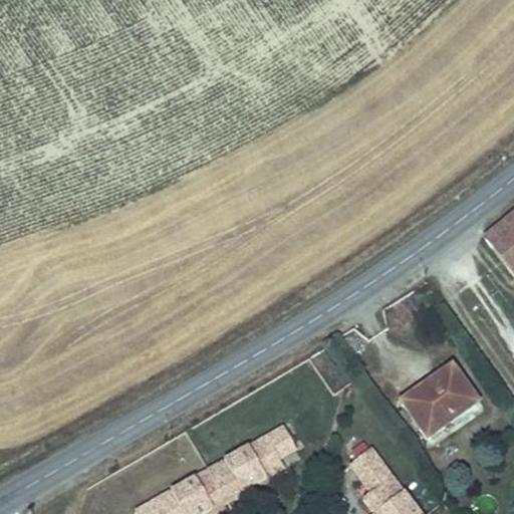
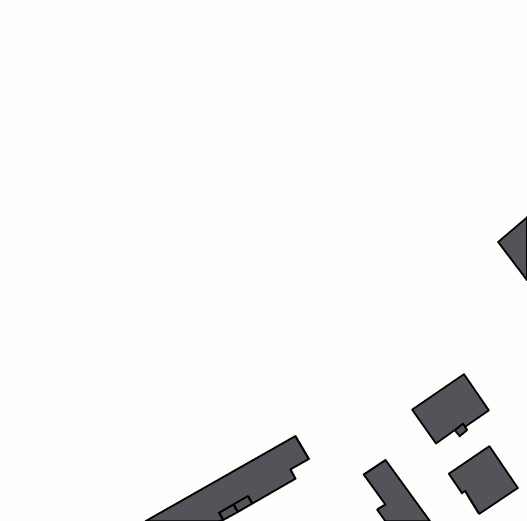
building: none -> [449,446,518,514]

